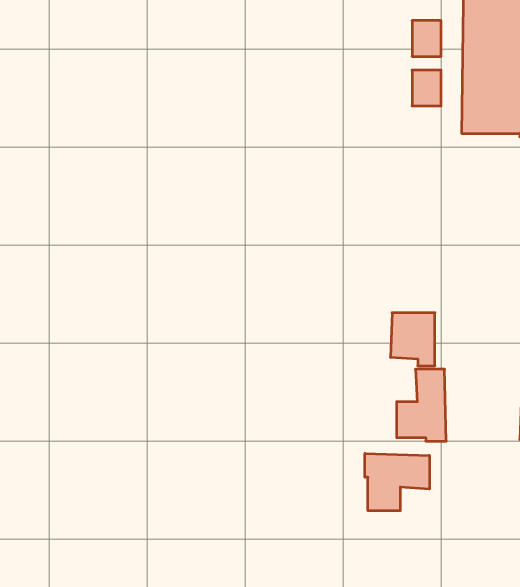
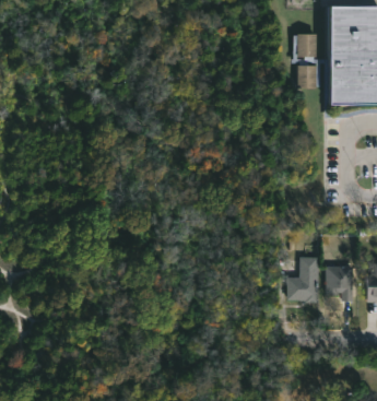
building: [390,313,435,366] -> [326,266,354,299]
building: [365,453,429,511] -> none

